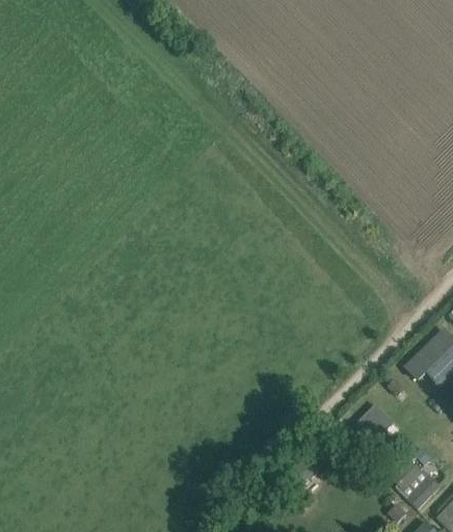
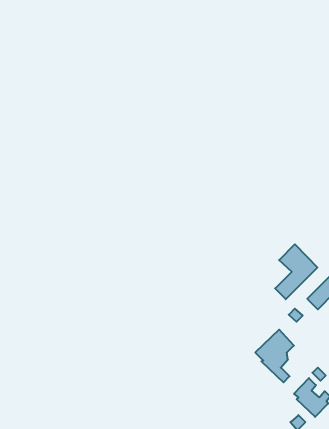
building: none -> [275,244,317,299]

